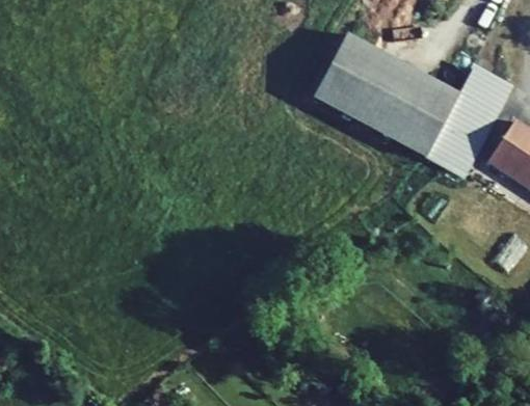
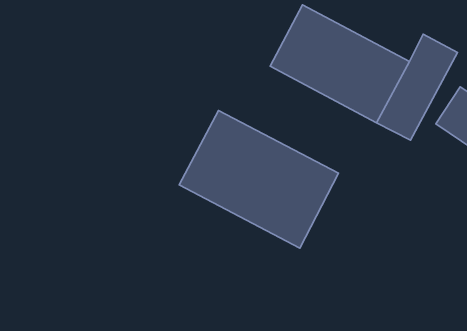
building: none -> [179,110,338,248]

